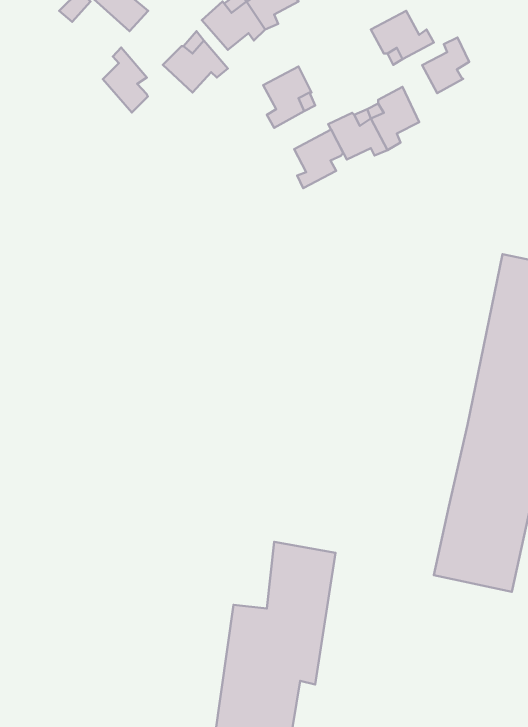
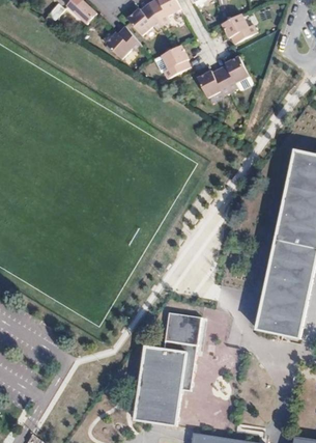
building: [422,37,469,93] -> none
building: [103,48,148,112] -> none
building: [294,130,343,188] -> none

